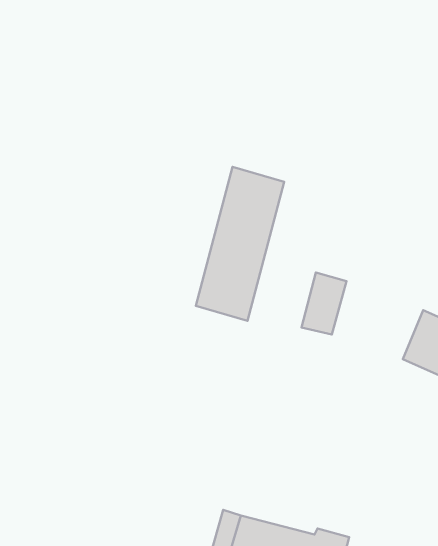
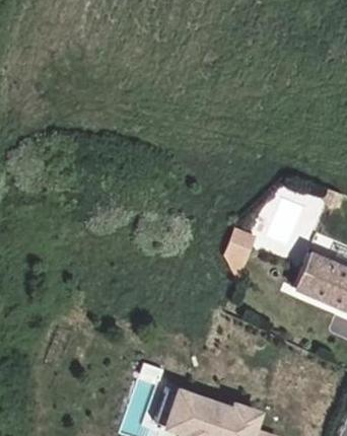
building: [196,167,284,321] -> none

